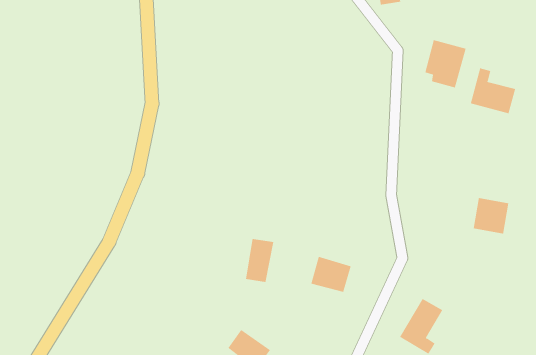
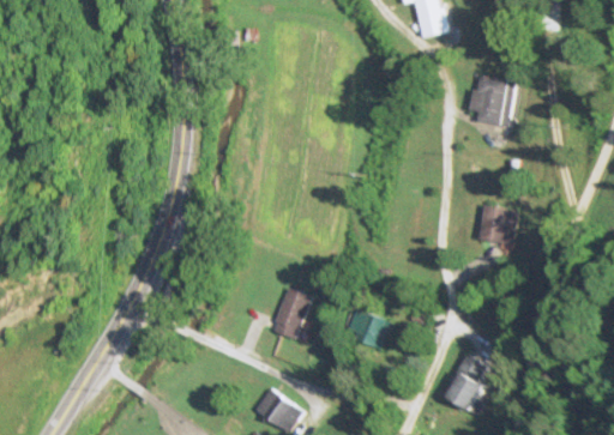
building: [470,68,516,114] -> none
building: [473,198,509,234] -> [480,205,519,244]

